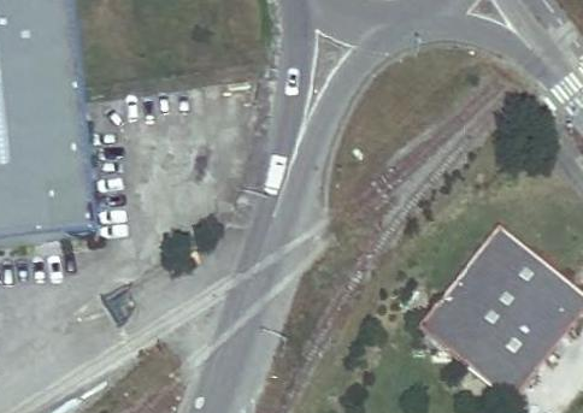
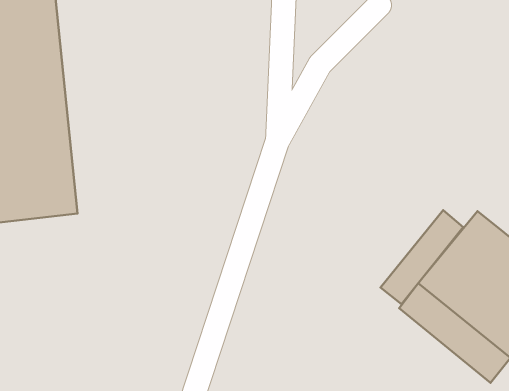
building: none -> [381,210,463,304]

